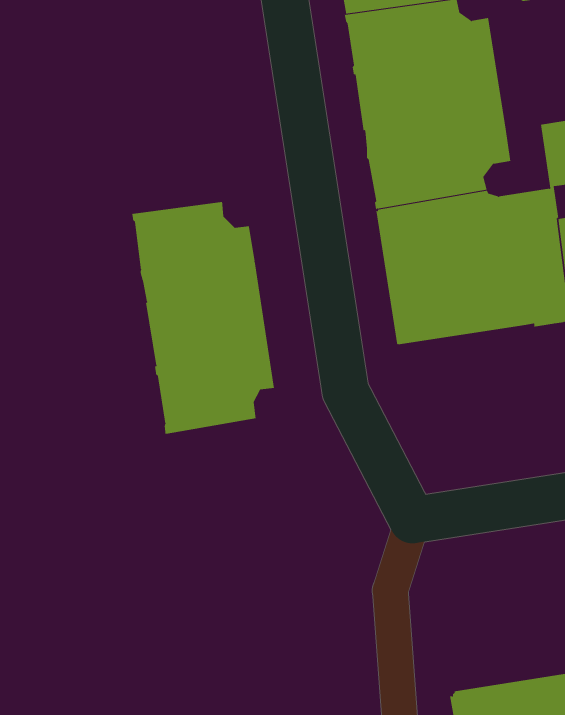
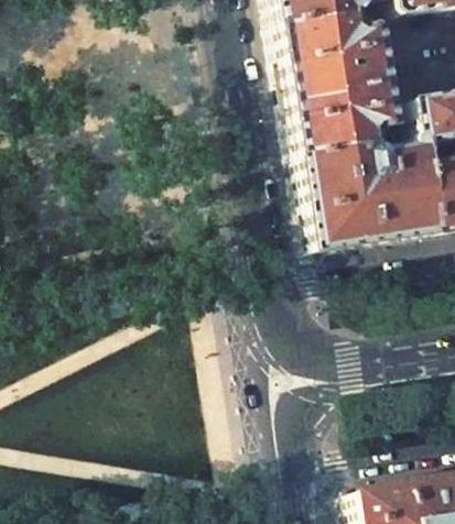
building: [132,201,275,435] -> none

